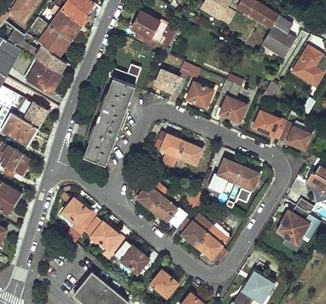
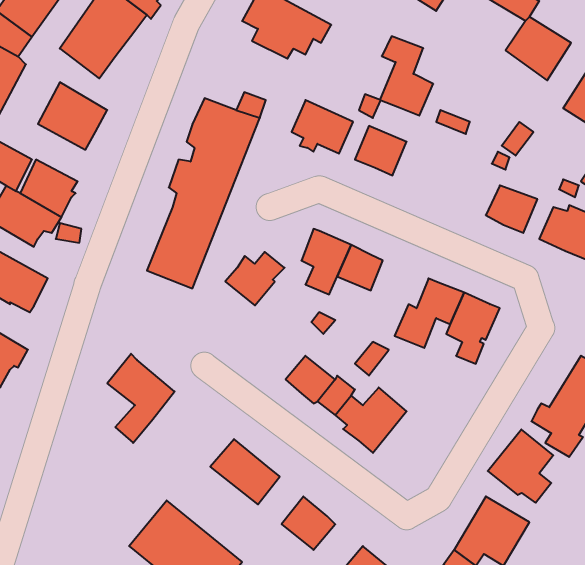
building: [219,80,246,120] -> [380,36,433,116]
building: [137,182,167,209] -> [225,252,285,305]
building: [85,215,126,258] -> none
building: [196,225,229,262] -> [488,429,553,503]

